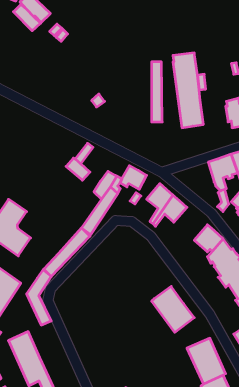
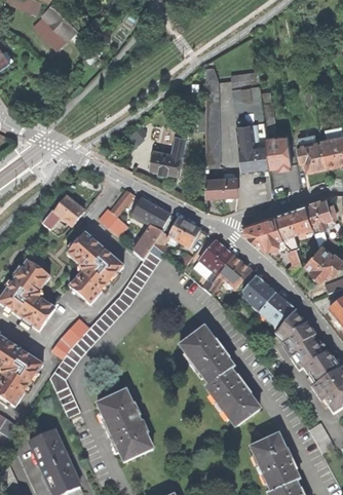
building: none -> [266,134,291,167]
building: none -> [150,136,185,174]
building: none -> [205,170,237,196]
building: none -> [42,195,84,229]
building: none -> [131,198,169,230]
building: none -> [242,214,283,250]
building: none -> [67,232,123,304]
building: none -> [241,275,275,311]
building: none -> [50,318,89,358]
building: none -> [180,327,233,384]
building: none -> [97,389,152,461]

